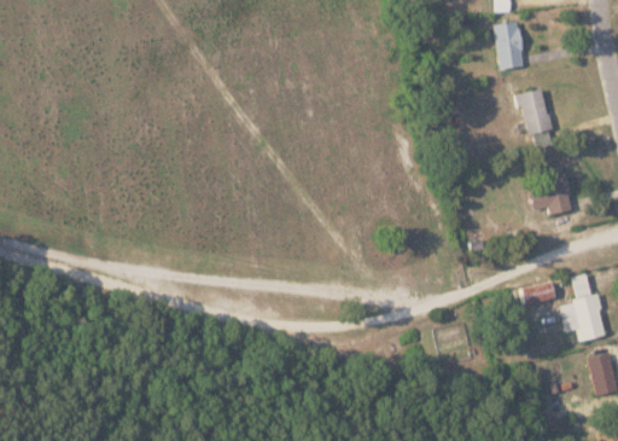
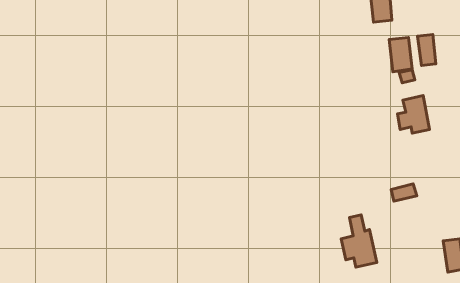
building: none -> [418,34,436,65]
building: [560,273,607,342] -> [341,215,377,267]

